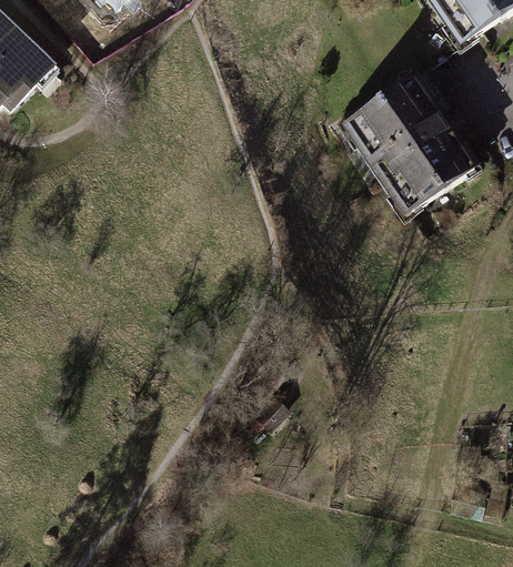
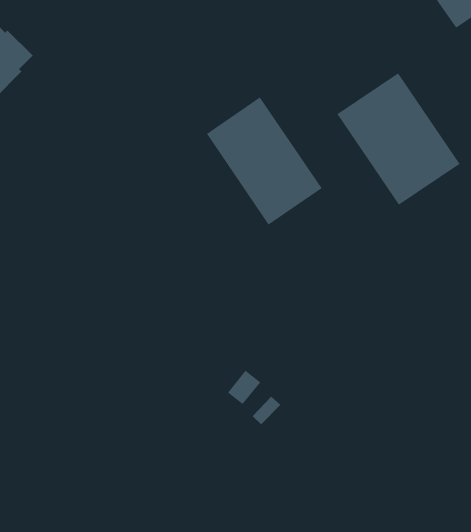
building: none -> [206,96,323,226]

